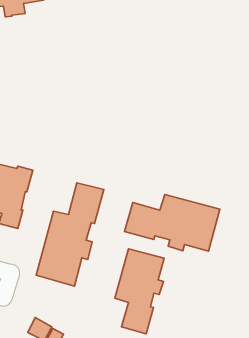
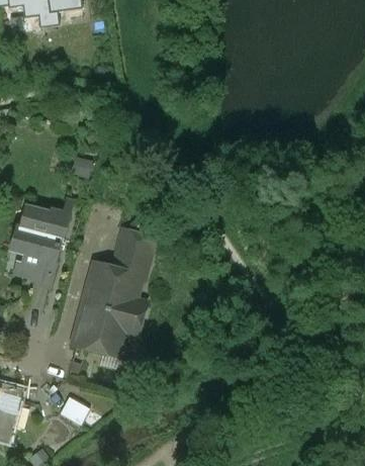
building: [125,194,220,251] -> none
building: [115,249,164,334] -> none

